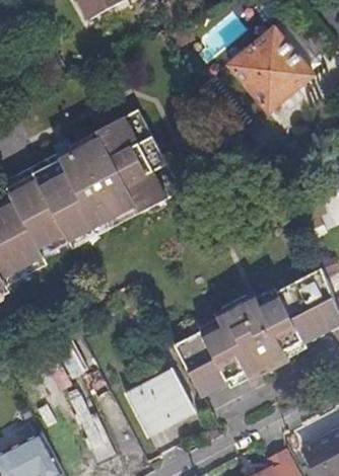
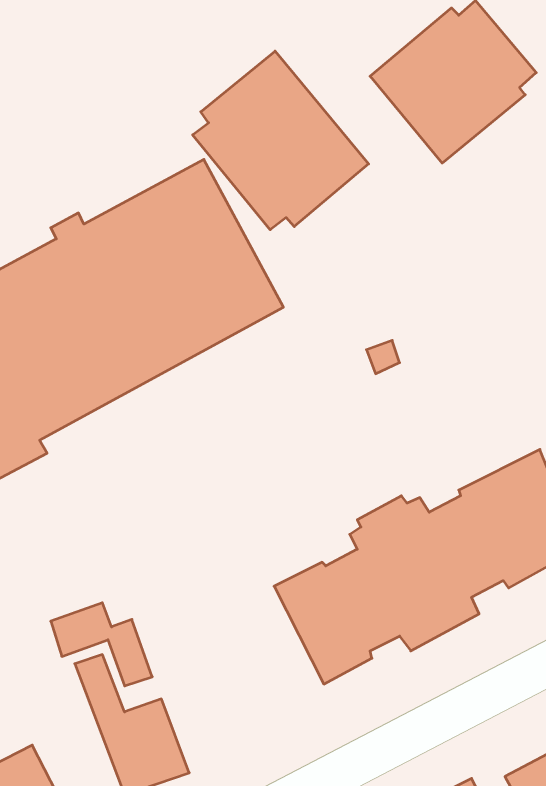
building: none -> [193,51,369,230]
building: [125,369,192,430] -> none

